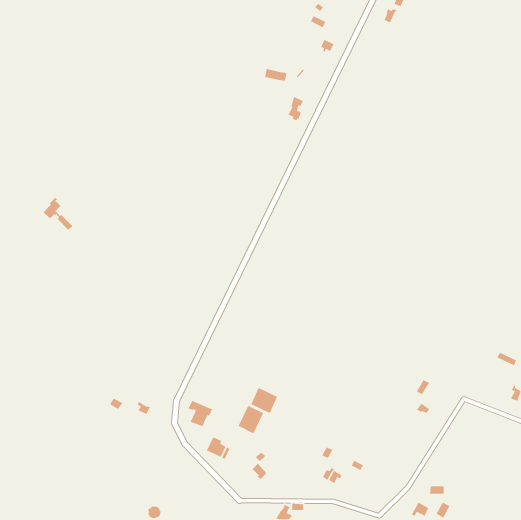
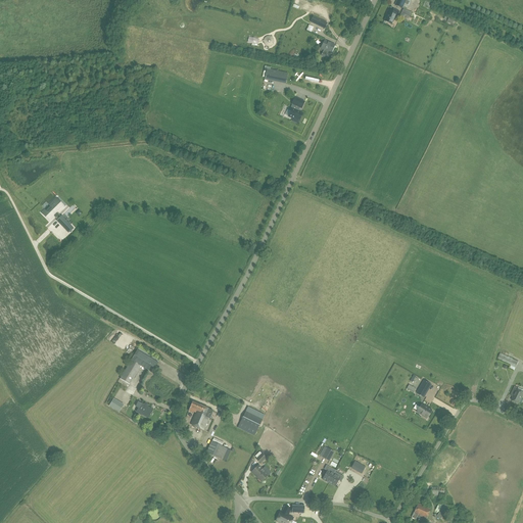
building: none -> [120,349,158,384]
building: [250,387,278,414] -> none

